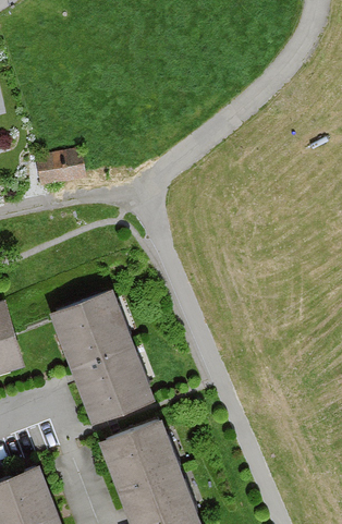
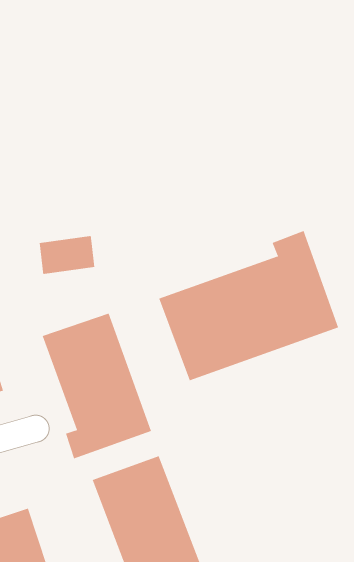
building: [37,146,87,181] -> [39,235,95,274]
building: none -> [158,230,339,381]

